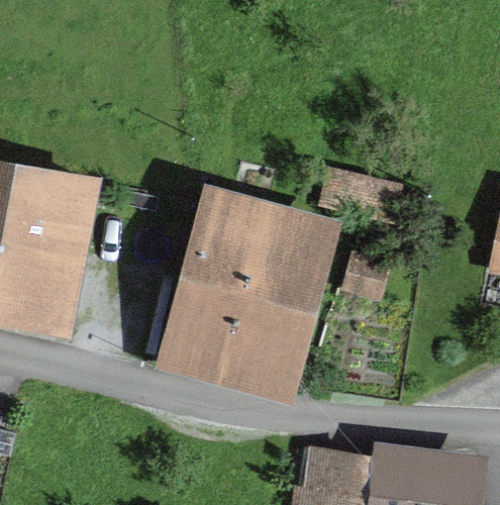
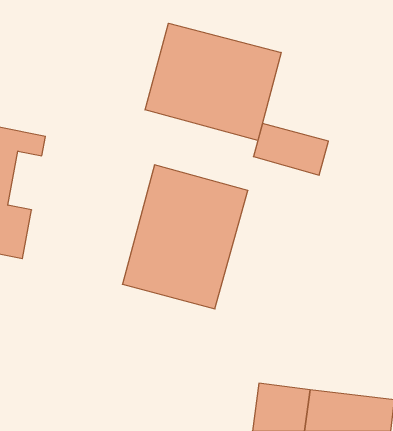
building: none -> [145,23,281,140]

